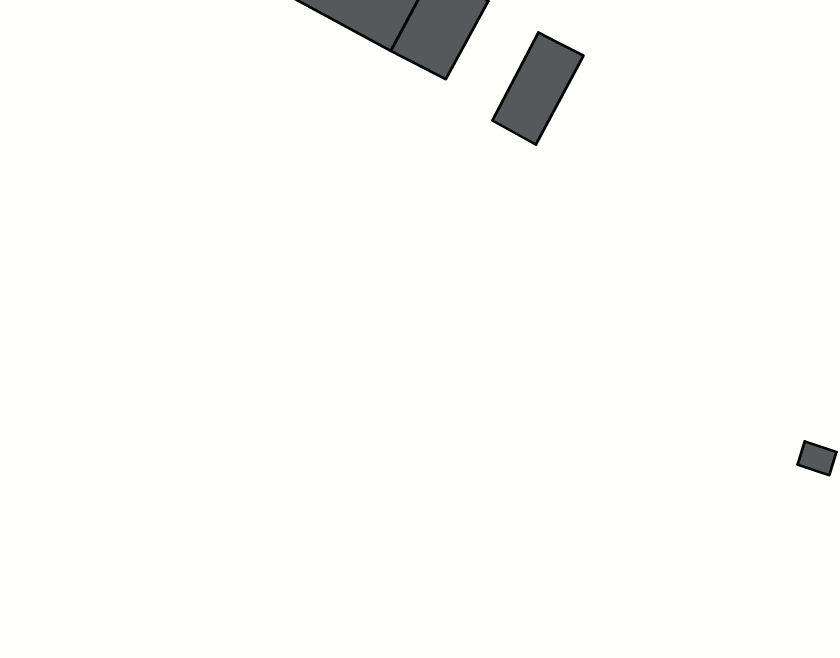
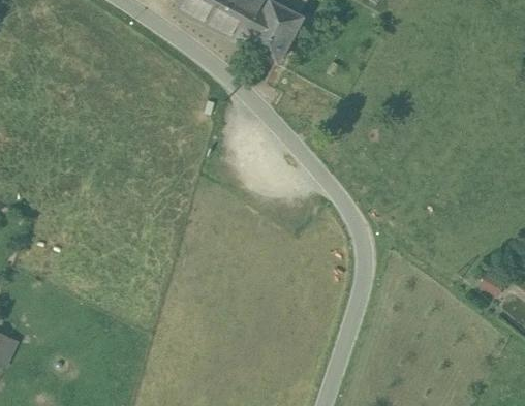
building: [492,32,583,145] -> none

